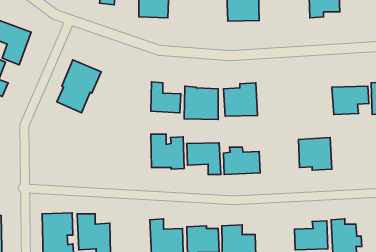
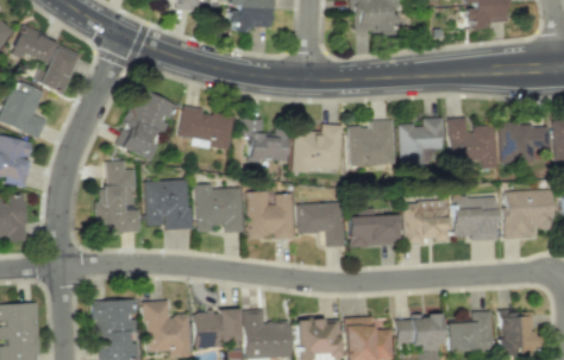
building: none -> [178,105,234,150]
building: none -> [399,116,443,170]
building: none -> [447,116,496,170]
building: none -> [96,160,140,234]
building: none -> [145,179,190,228]
building: none -> [195,183,243,232]
building: none -> [503,189,553,238]
building: none -> [403,200,449,244]
building: none -> [194,309,240,347]
building: none -> [395,312,441,347]

